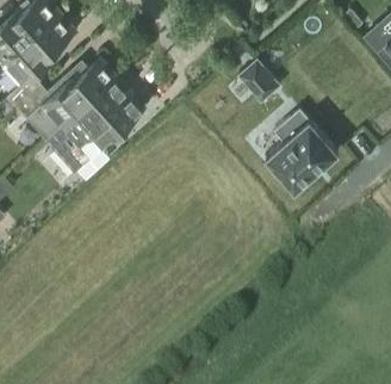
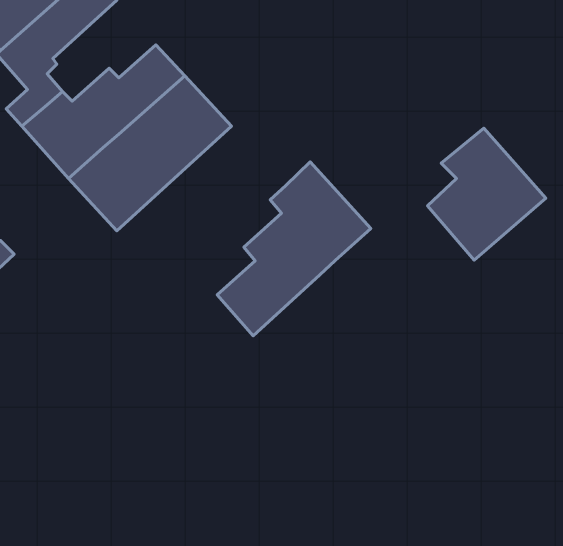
building: [238,61,280,104] -> none
building: none -> [217,162,371,336]

